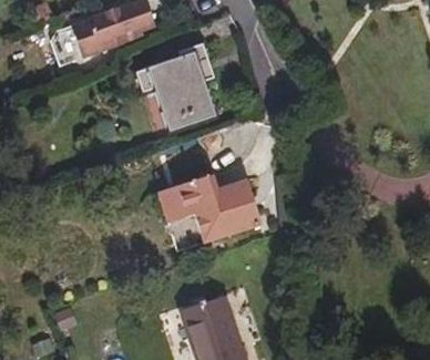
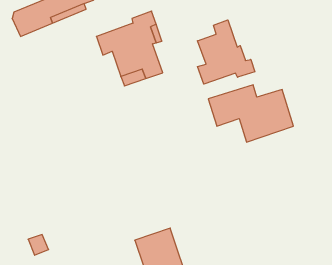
building: none -> [197,20,255,84]
building: [158,174,259,241] -> [208,85,293,142]

